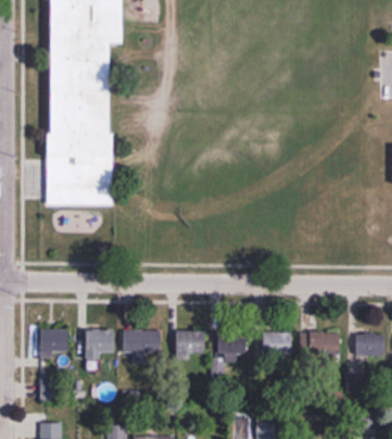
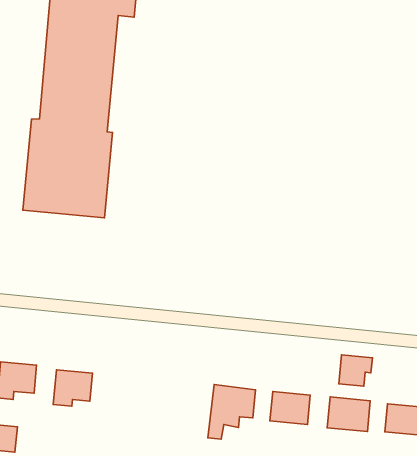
building: none -> [339,355,372,386]
building: [122,331,160,361] -> none
building: [175,331,204,354] -> none

